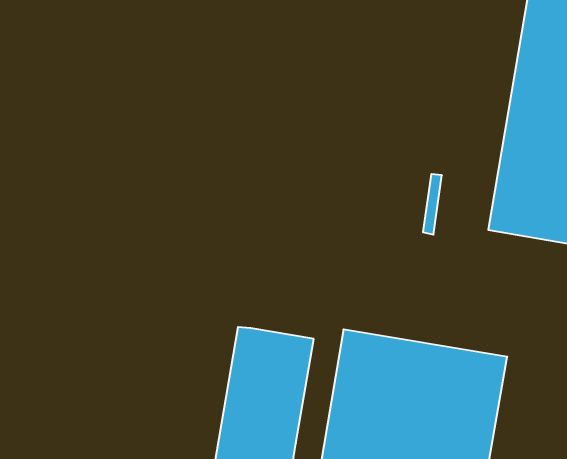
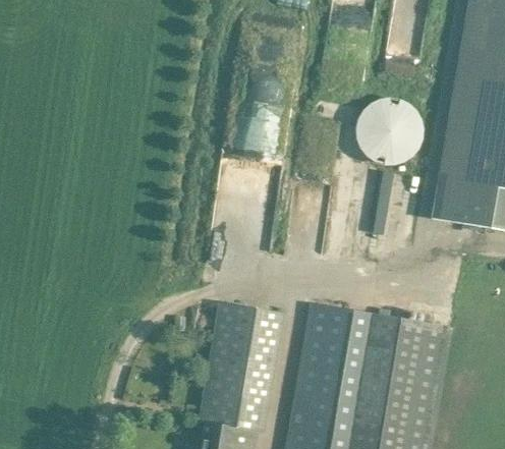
building: none -> [355,101,424,167]

